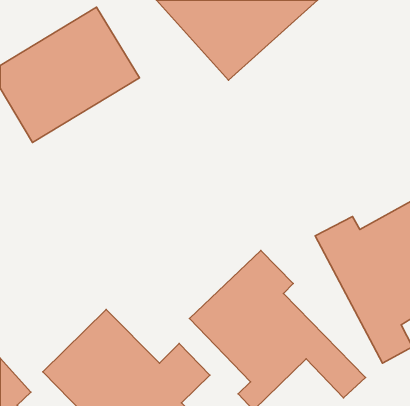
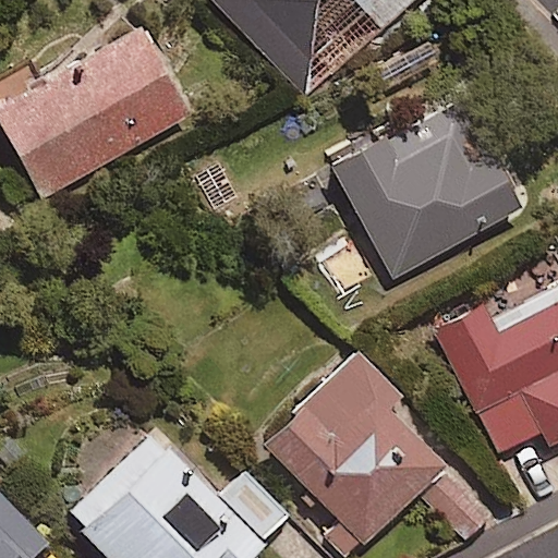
building: none -> [327,87,523,281]

